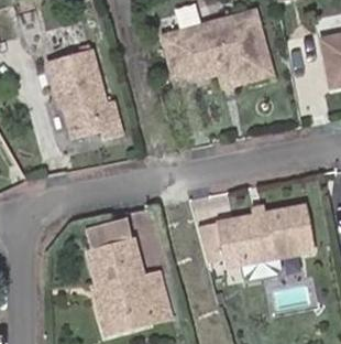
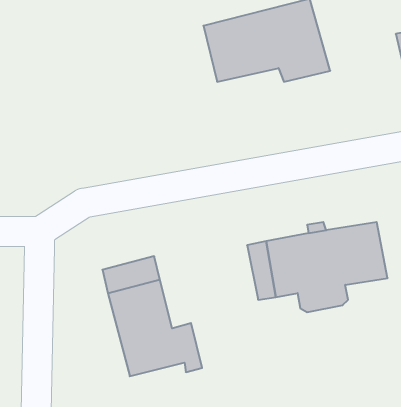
building: [46,47,119,137] -> none

